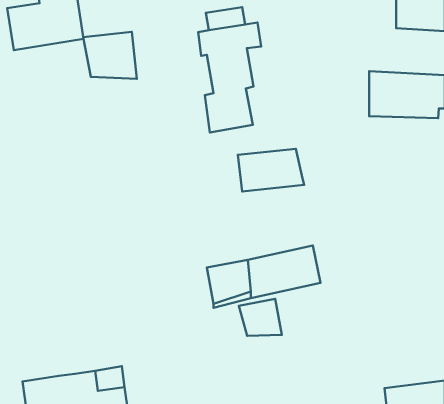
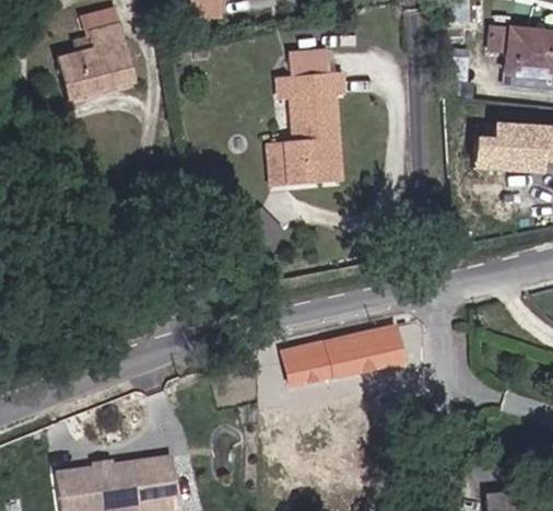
building: [83,32,137,79] -> none
building: [238,149,304,191] -> none
building: [239,299,282,336] -> none

